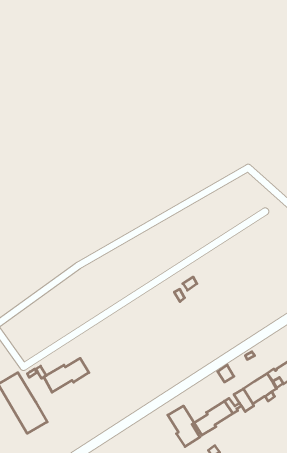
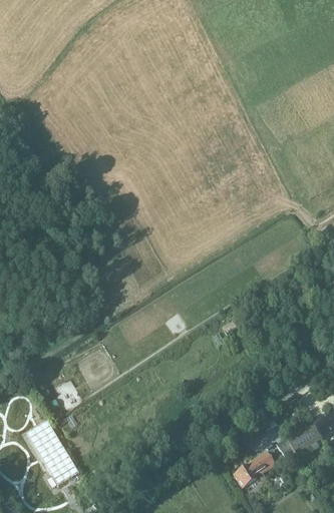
building: [44,358,89,392] -> none
building: [168,406,200,447] -> none

